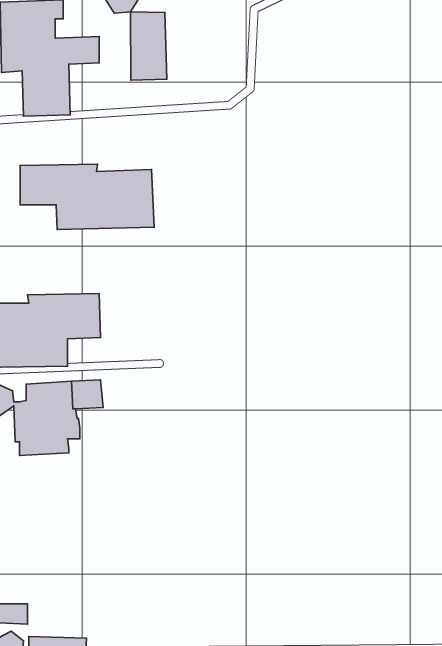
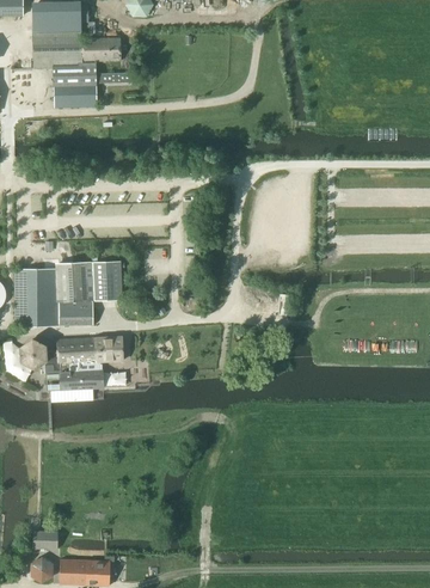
building: [131,12,167,80] -> none
building: [20,164,154,229] -> none

